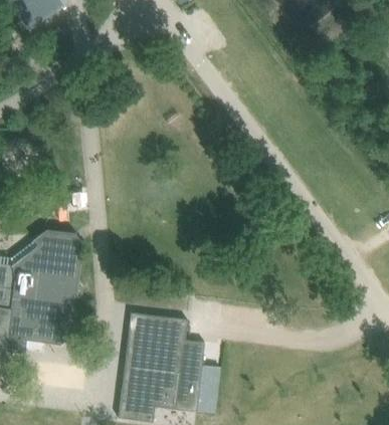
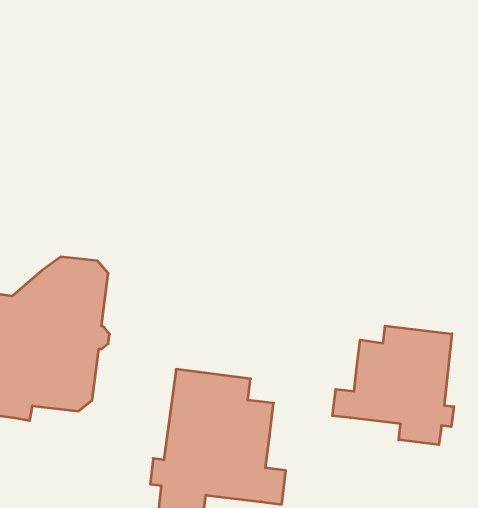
building: none -> [332,326,454,445]

